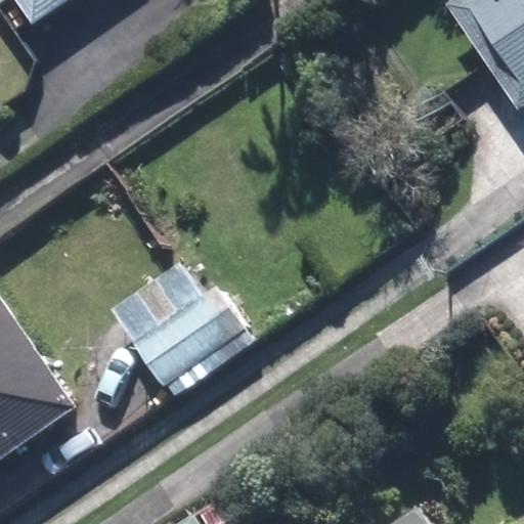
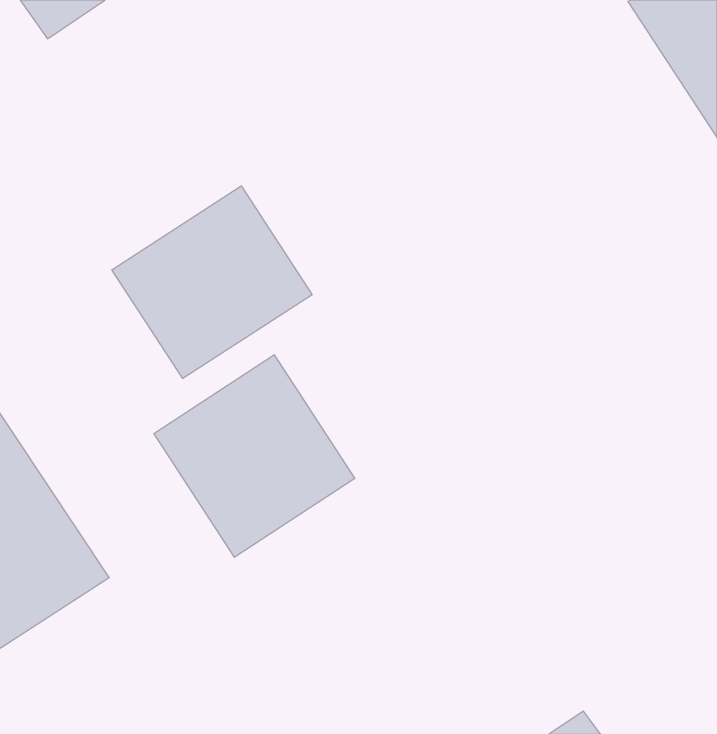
building: none -> [112,186,312,379]

